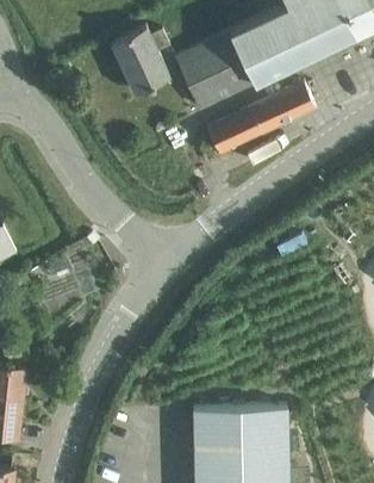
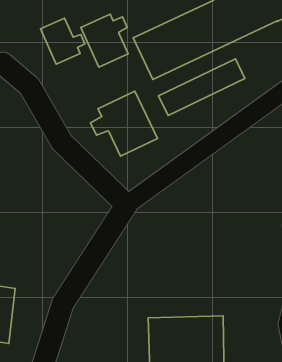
building: none -> [40,18,85,64]
building: none -> [90,91,157,156]

